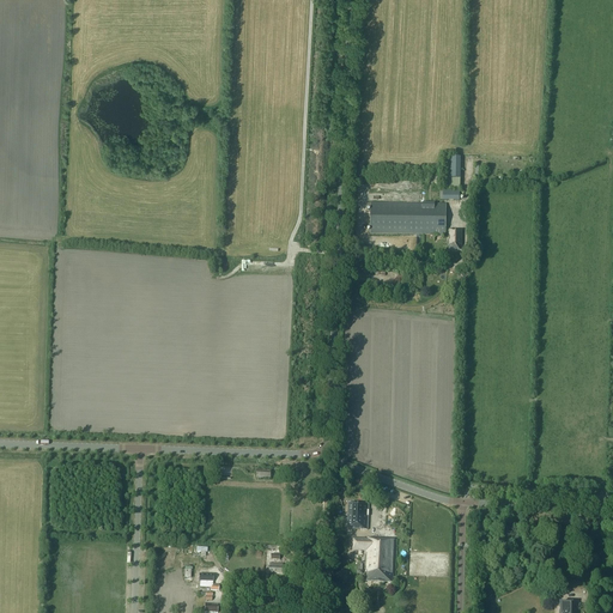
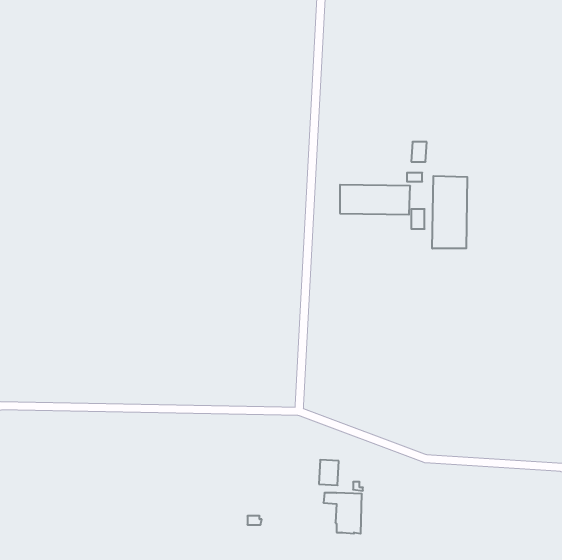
building: none -> [432,176,467,249]

